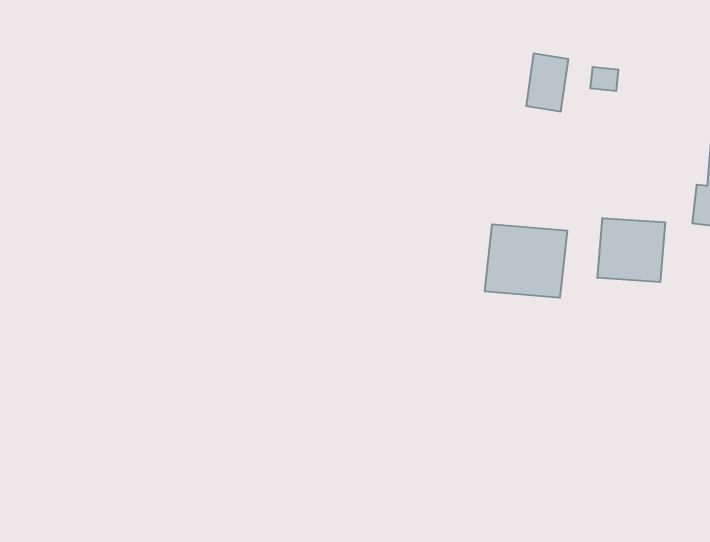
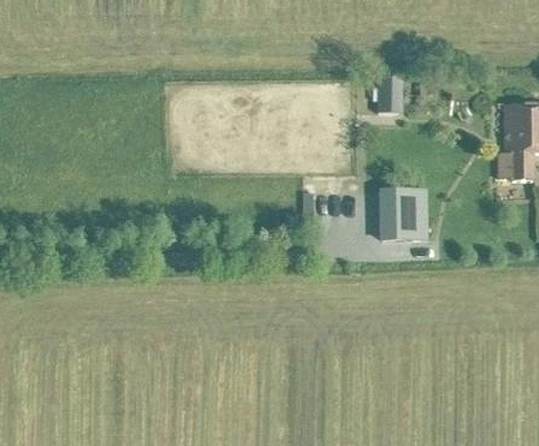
building: [597,218,665,282] -> none

